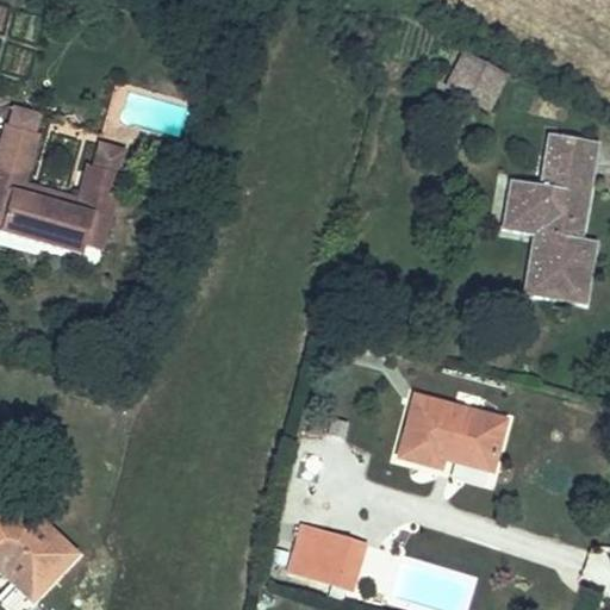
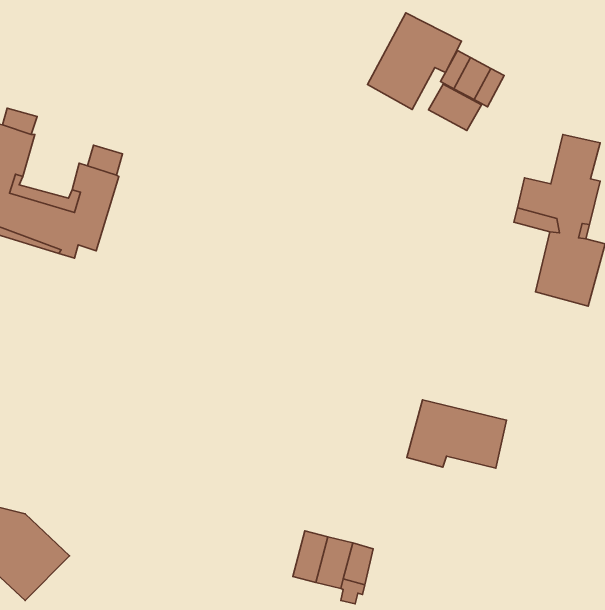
building: none -> [367,13,461,110]
building: none -> [429,84,481,131]

